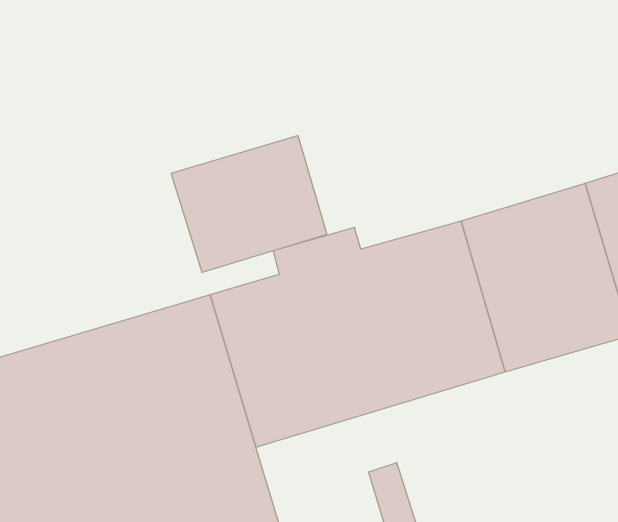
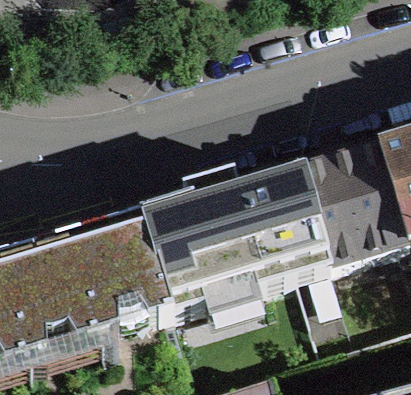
building: [171,135,327,273] -> none

